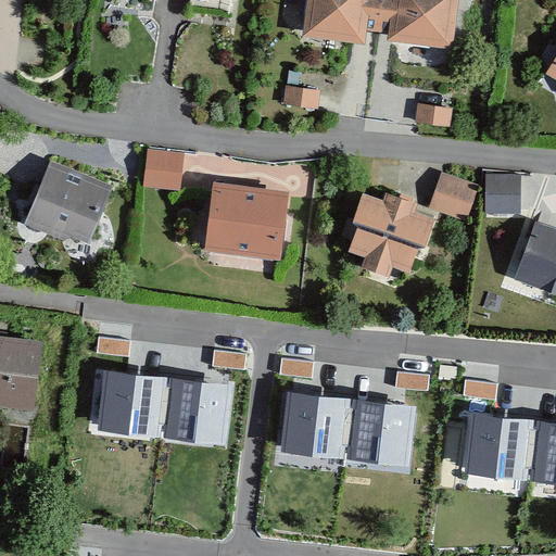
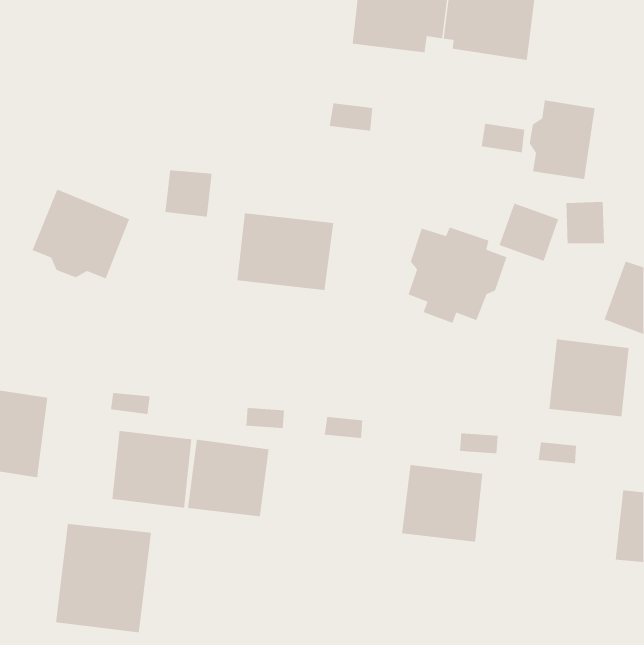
building: none -> [529,99,596,180]
building: [279,391,349,458] -> none
building: [463,413,532,480] -> [549,339,630,417]
building: none -> [55,523,152,633]

